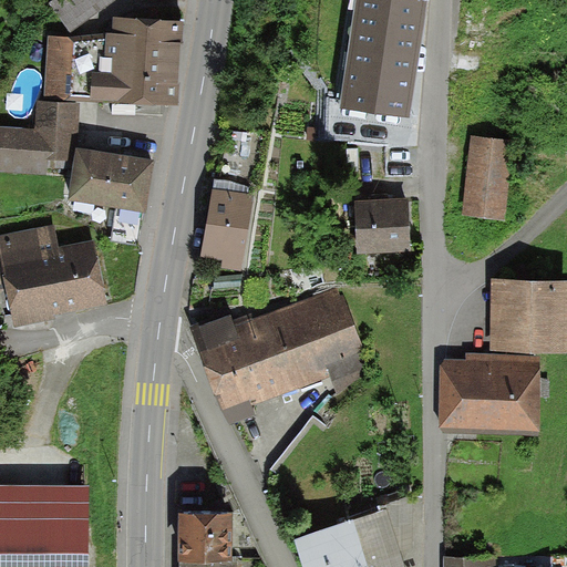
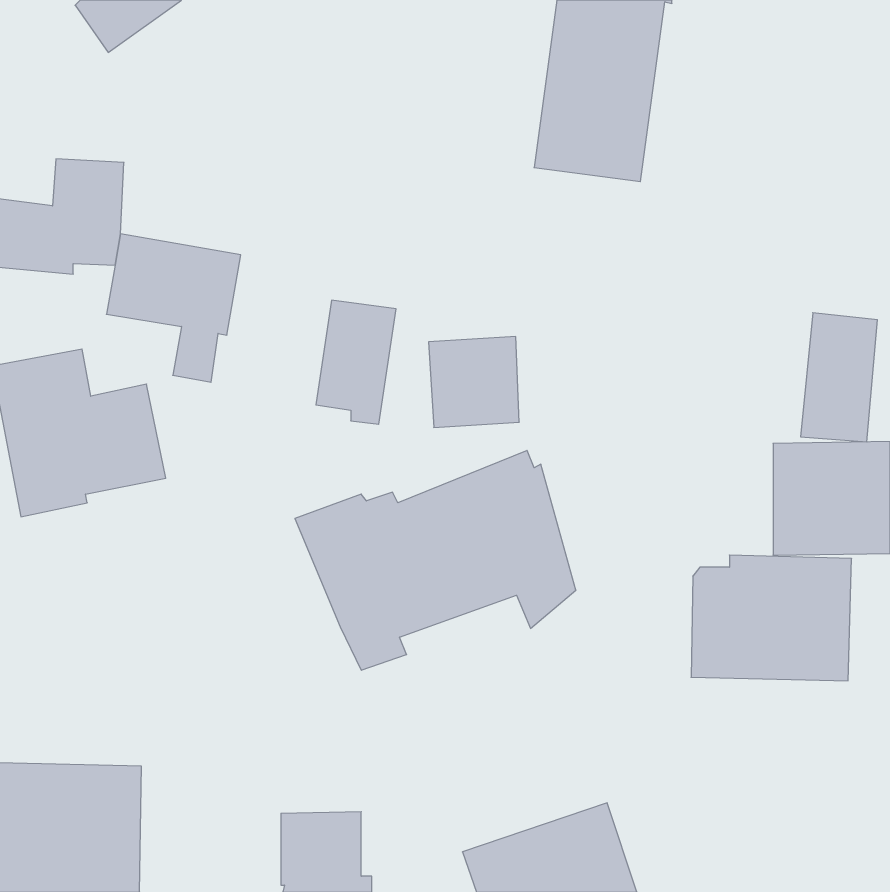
building: [45,17,183,107] -> none
building: [462,134,511,216] -> [801,313,877,442]
building: [352,197,410,255] -> [429,337,519,427]

